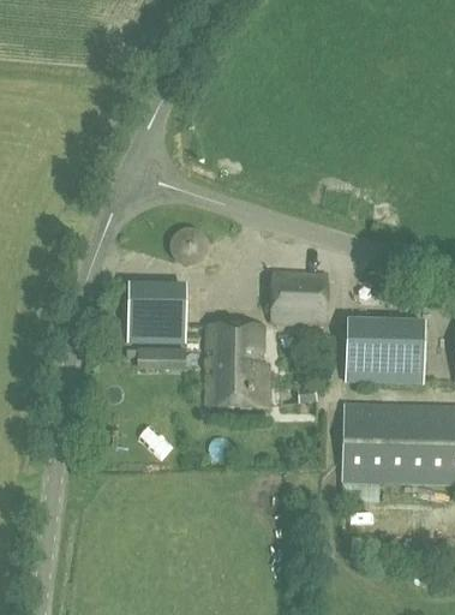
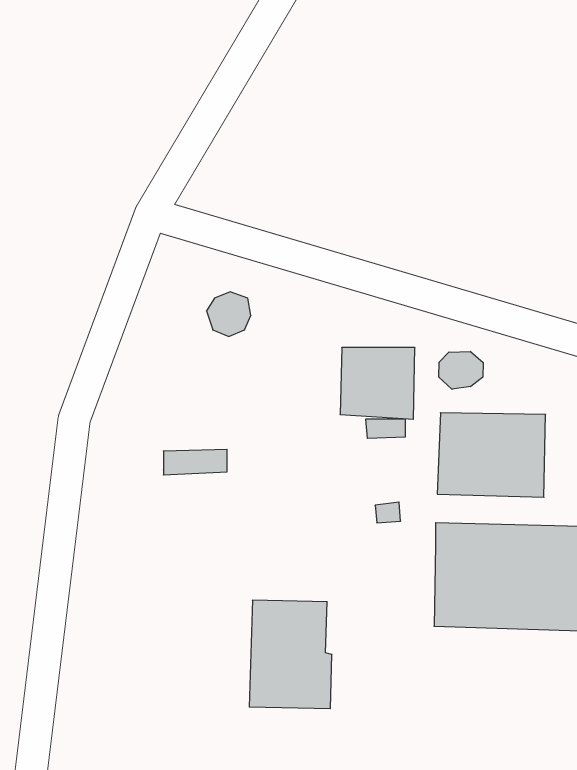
building: none -> [439,351,483,389]
building: [127,291,186,340] -> none
building: [205,323,268,405] -> [249,600,332,709]

